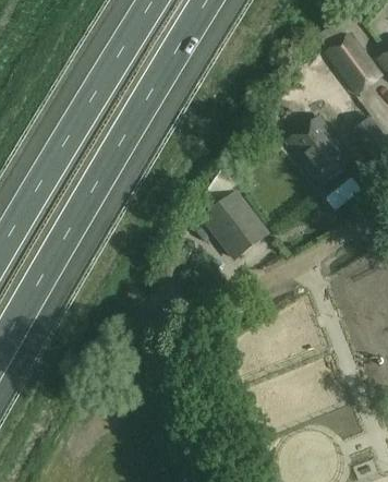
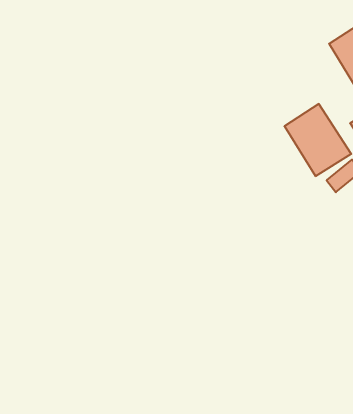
building: [201,190,265,256] -> none

